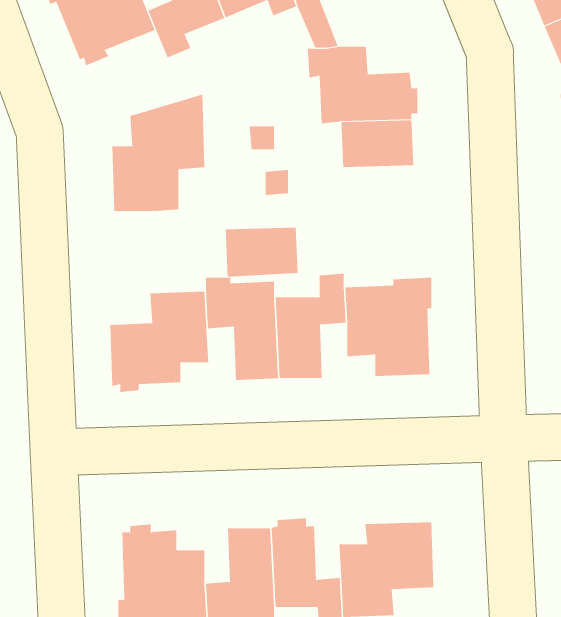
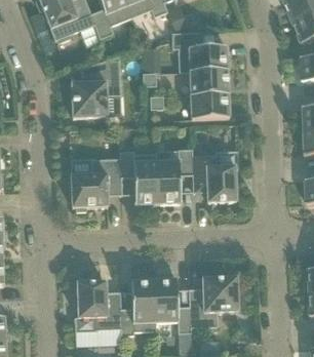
building: [225,227,299,277] -> [190,93,228,119]

